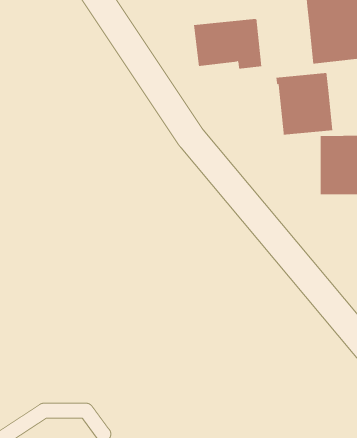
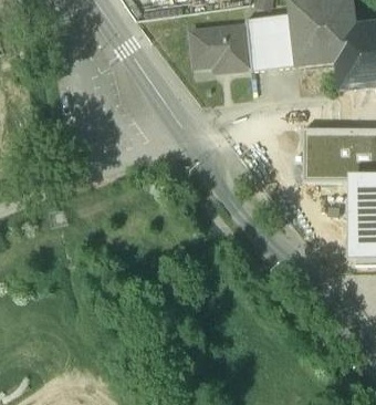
building: [275,72,333,135] -> [246,13,297,70]

